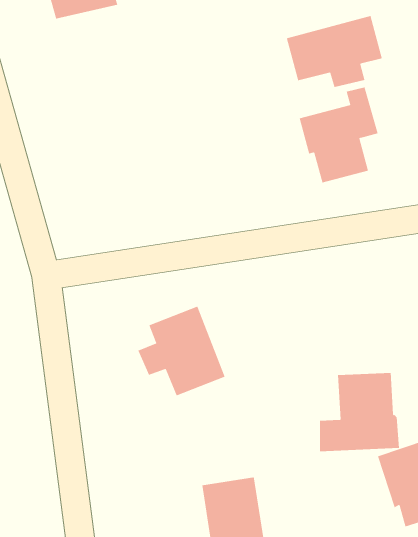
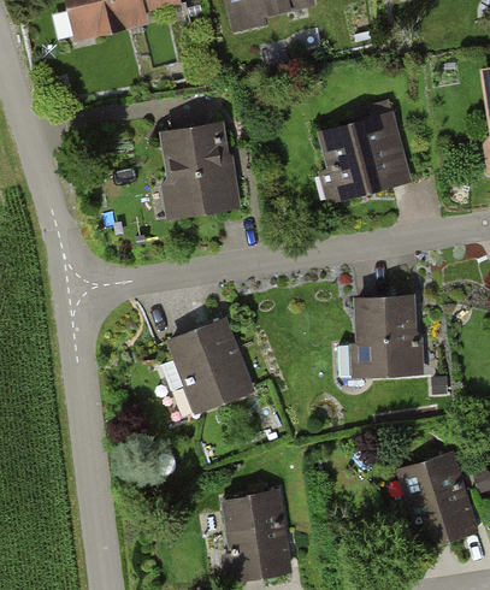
building: [286,15,383,88] -> none
building: none -> [167,126,236,211]
building: [319,372,400,452] -> [341,297,421,377]

